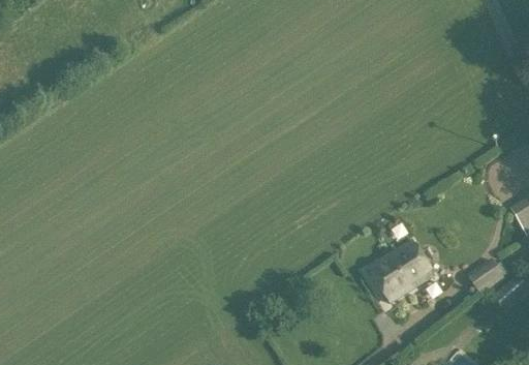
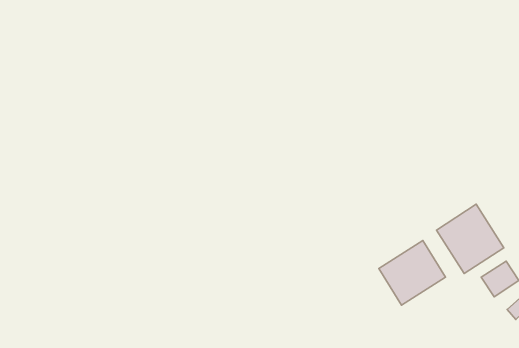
building: none -> [437,204,504,274]

